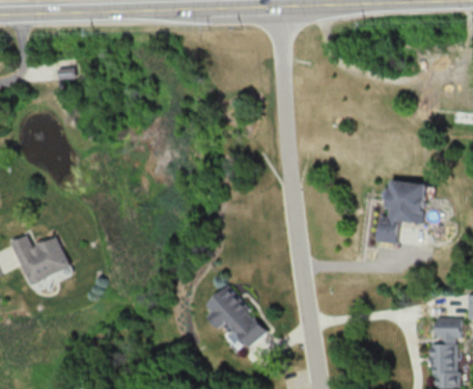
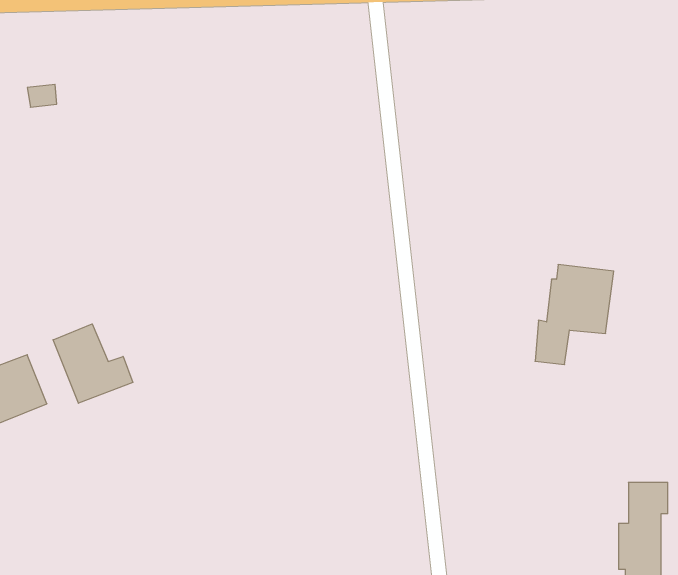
building: none -> [53,324,133,403]
building: [207,286,268,349] -> none

